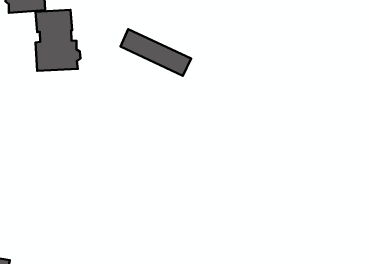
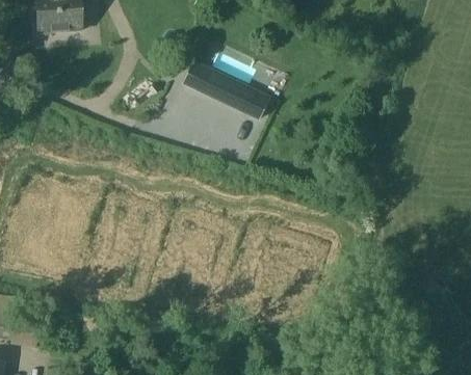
building: [35,10,81,71] -> none

